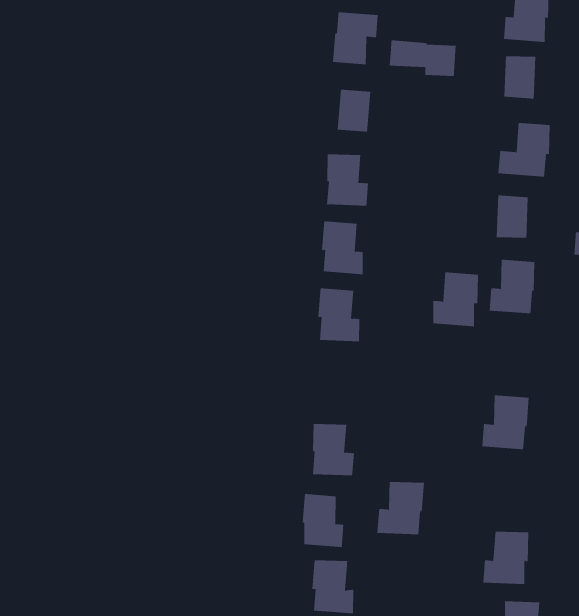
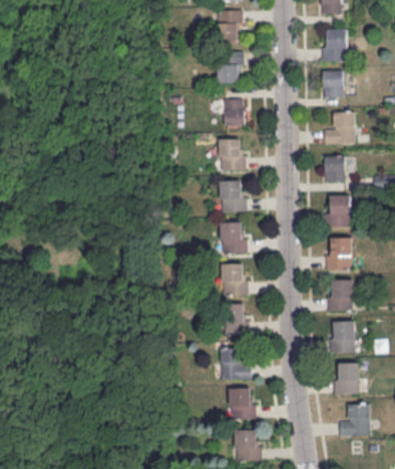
building: [389,39,456,77] -> none
building: [432,272,479,327] -> [324,237,352,269]
building: none -> [221,264,248,295]
building: [377,481,425,535] -> [328,320,355,353]

